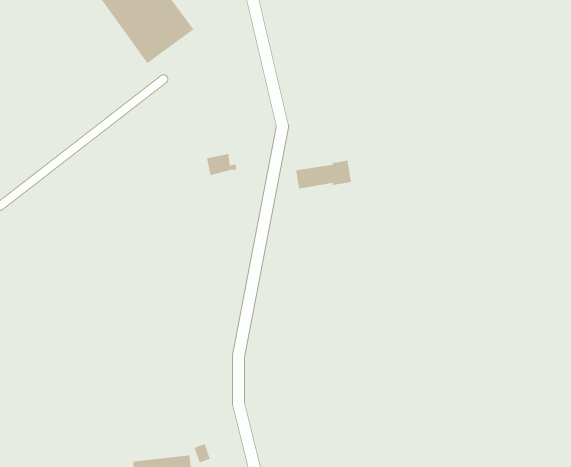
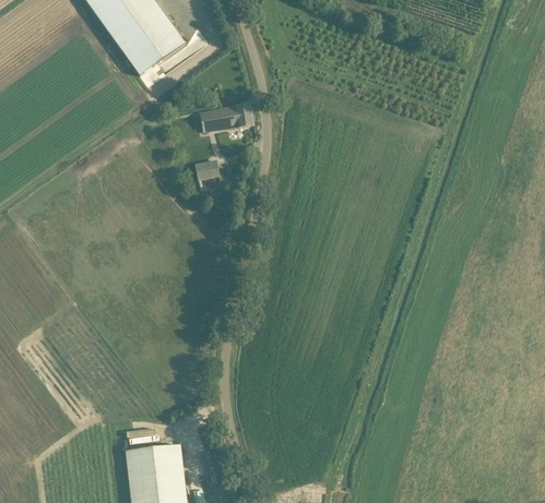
building: [295,159,352,189] -> [201,103,254,131]

